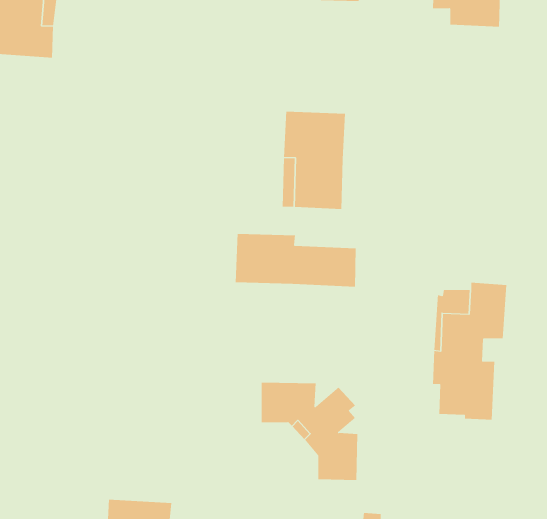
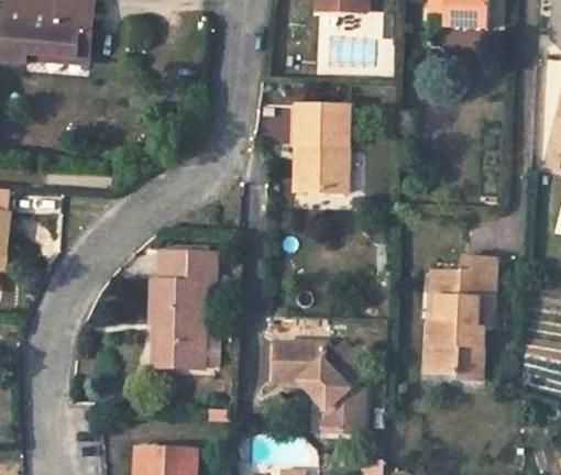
building: [235,233,356,288] -> none
building: none -> [148,253,217,367]

